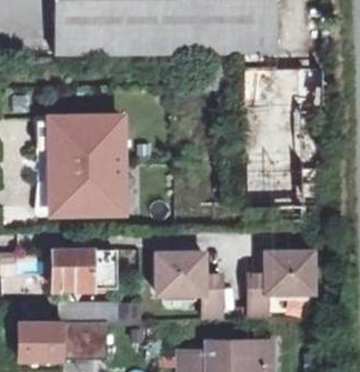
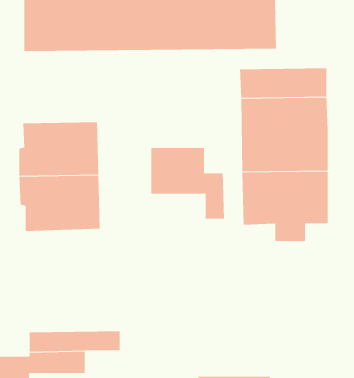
building: [52,250,113,288] -> none
building: [247,253,311,318] -> none
building: [154,254,220,318] -> [151,148,225,219]

